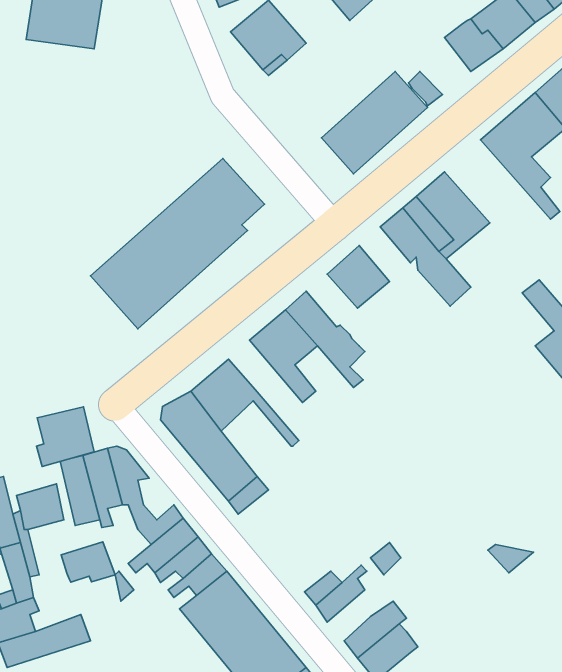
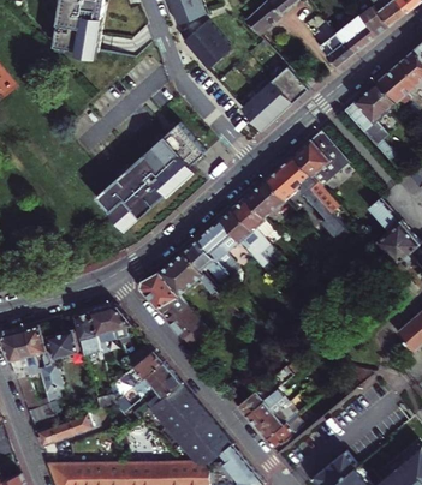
building: none -> [265,166,297,200]
building: none -> [231,196,271,236]
building: none -> [182,238,236,289]
building: [36,407,94,466] -> none
building: [61,542,115,582] -> none
building: none -> [244,390,286,429]

